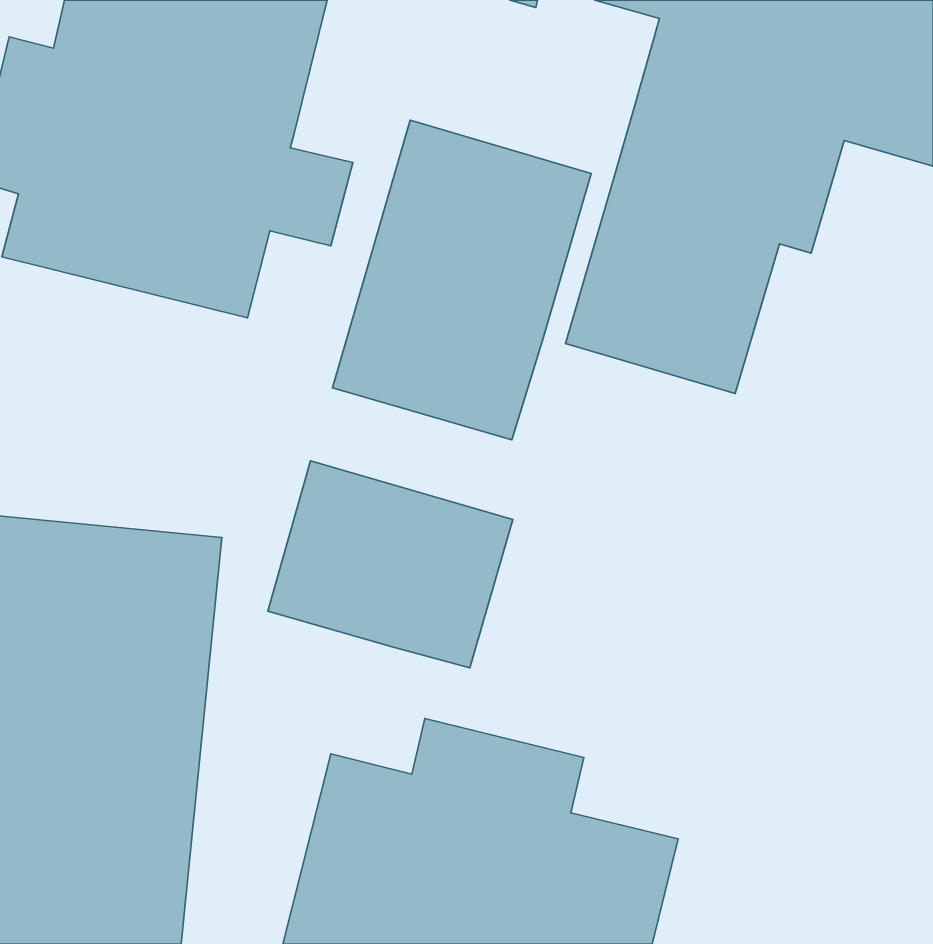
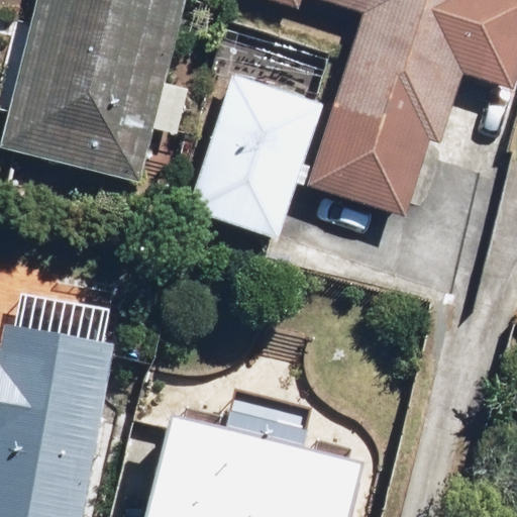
building: [268,461,513,668] -> none

